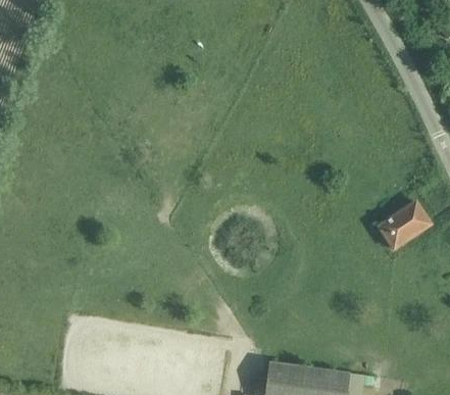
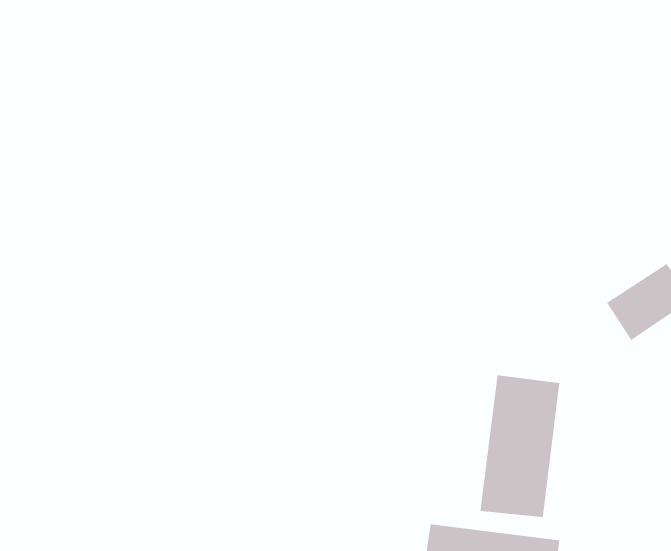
building: none -> [480,375,560,518]

